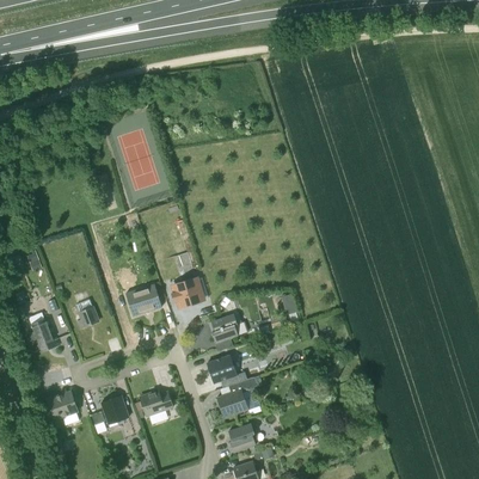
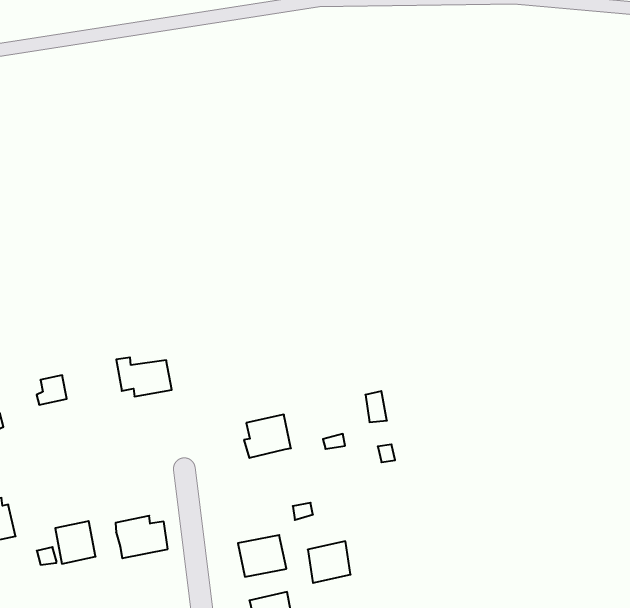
building: [174,275,203,305] -> none
building: [208,354,237,382] -> [308,541,351,583]

